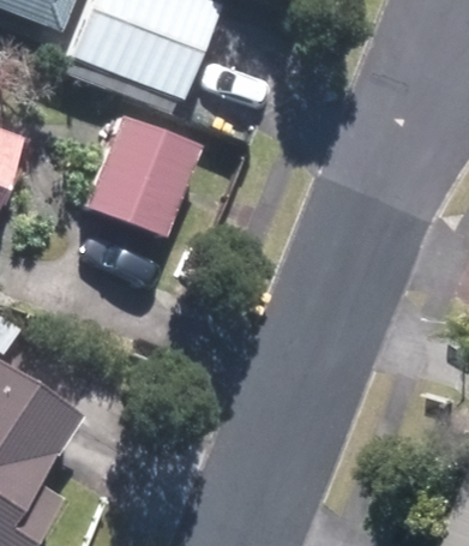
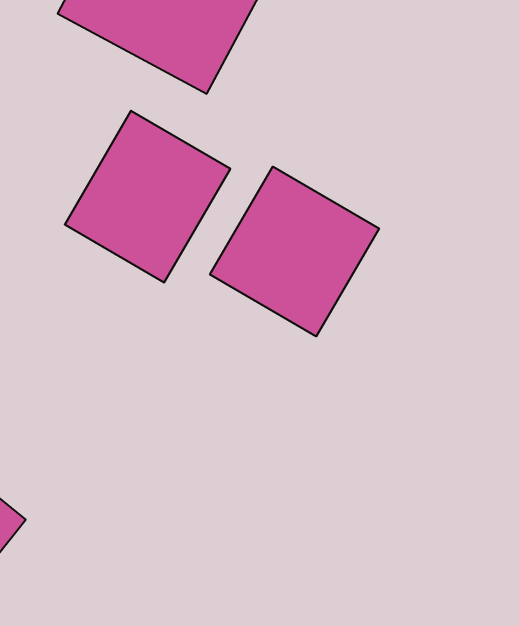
building: none -> [210,167,379,336]

